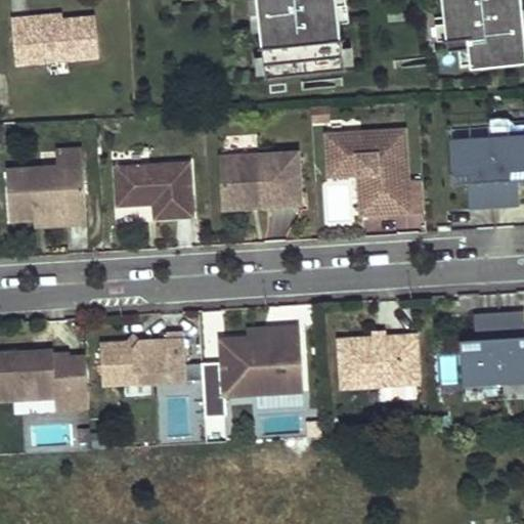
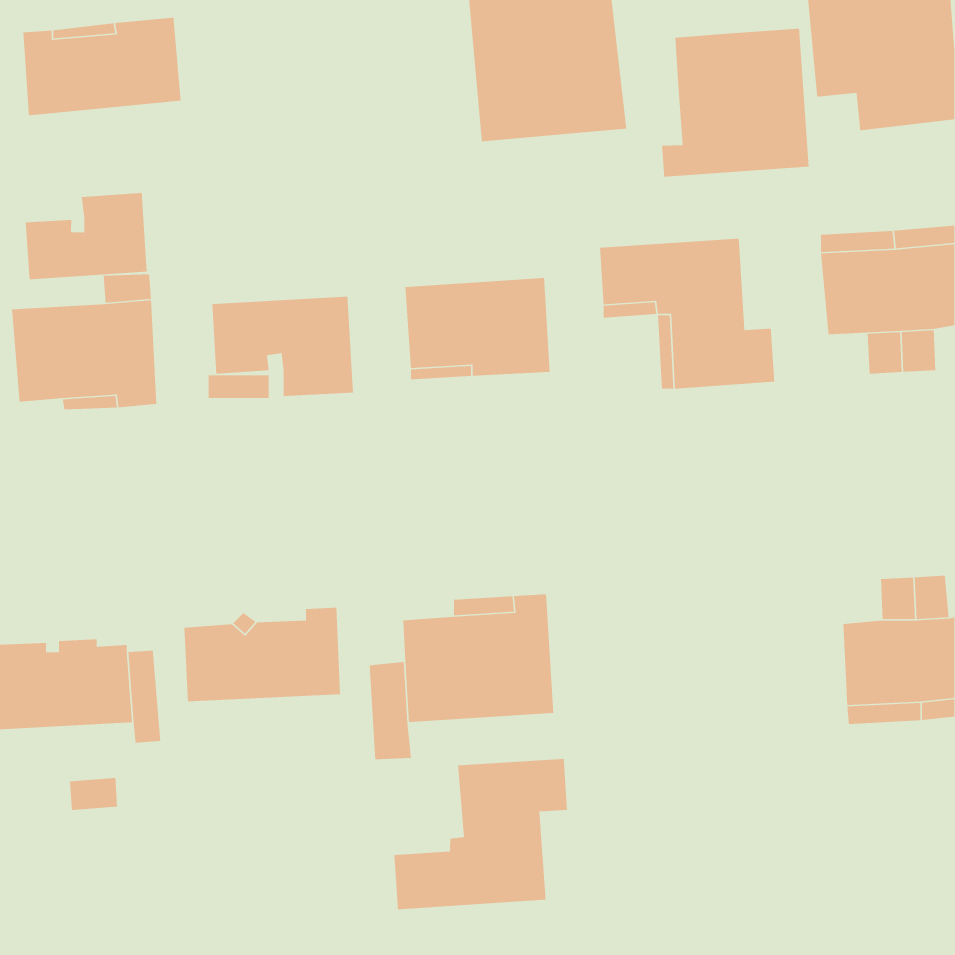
building: none -> [661,28,810,177]
building: none -> [25,192,148,280]
building: [339,334,419,387] -> none
building: none -> [393,758,568,910]

